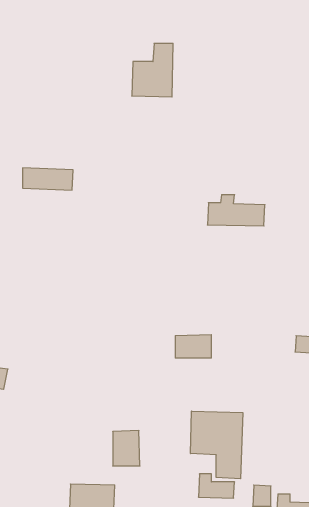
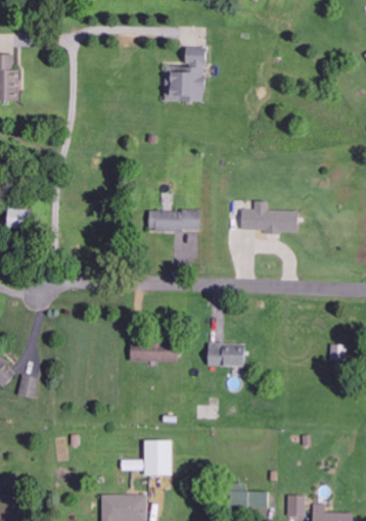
building: [23,168,73,190] -> [148,209,199,232]
building: none -> [130,341,177,363]
building: [191,411,243,479] -> none

